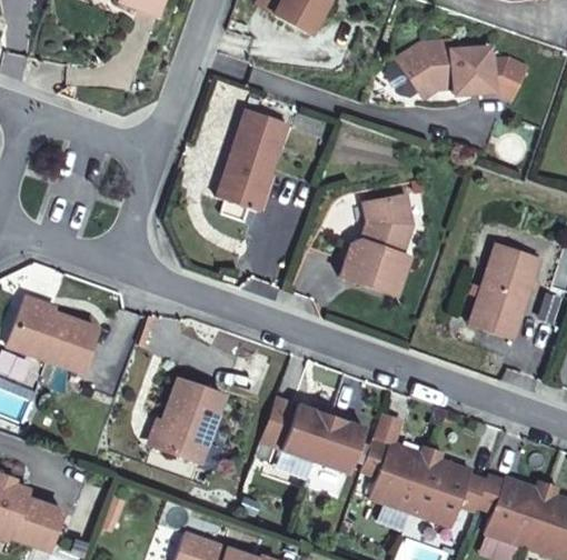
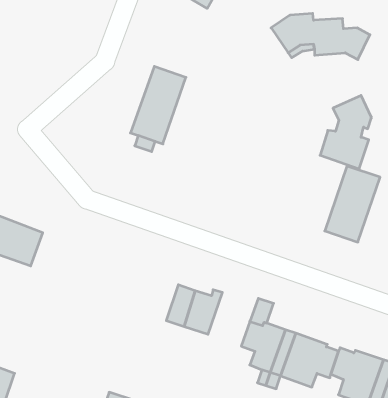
building: [342,200,409,296] -> [320,95,371,169]
building: [158,372,229,457] -> none
building: [316,404,366,470] -> none

